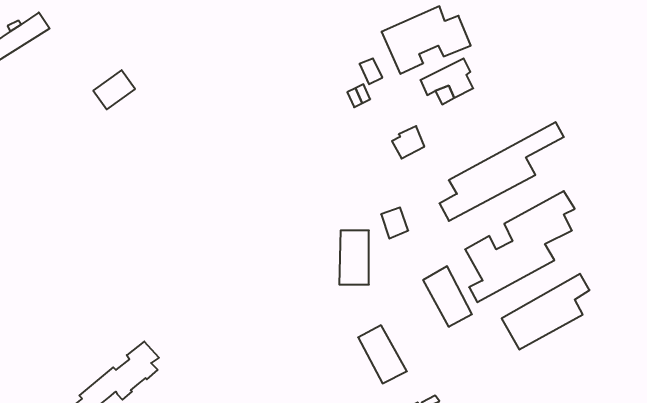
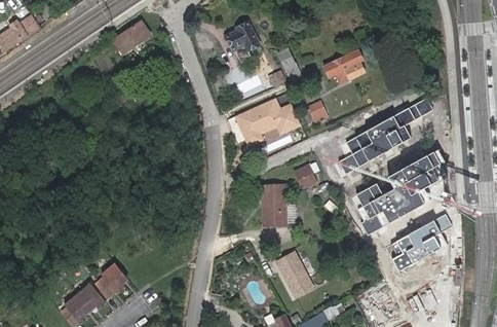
building: [381,6,471,74] -> [231,96,299,147]
building: none -> [227,21,260,64]
building: [93,70,135,109] -> [117,22,149,51]
building: [423,266,472,327] -> none

